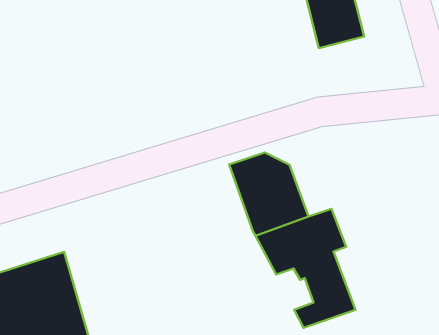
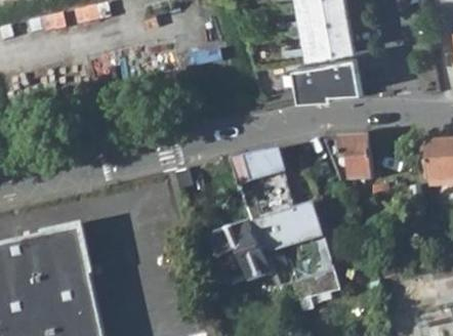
building: none -> [296,56,361,98]
building: none -> [338,135,370,180]
building: none -> [192,222,270,286]

